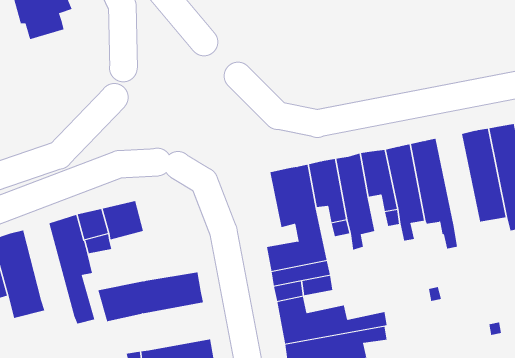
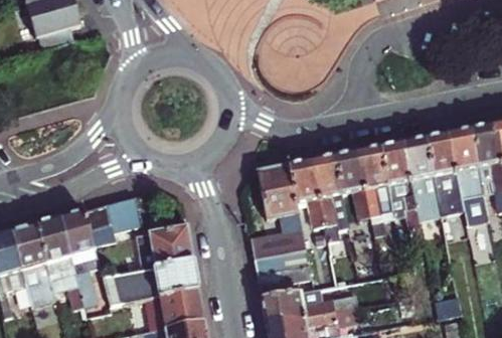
building: none -> [403,136,442,218]
building: none -> [37,215,81,300]
building: none -> [138,222,192,267]
building: none -> [143,286,203,328]

